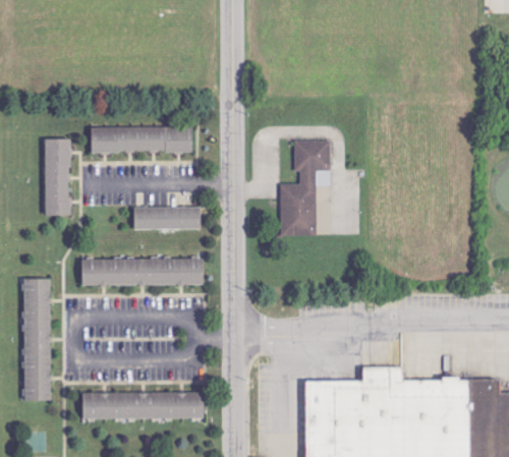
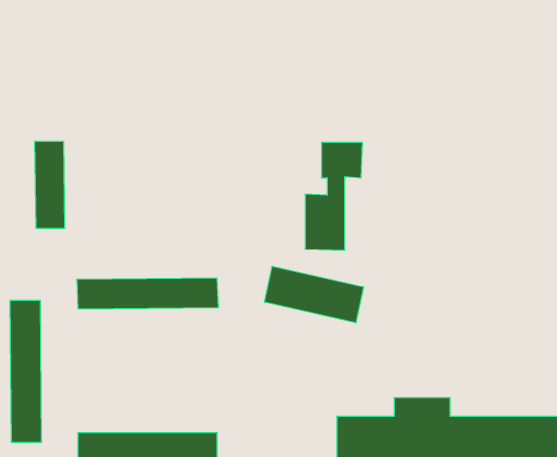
building: [91,127,193,153] -> none
building: [132,206,201,230] -> none
building: none -> [264,266,364,323]

